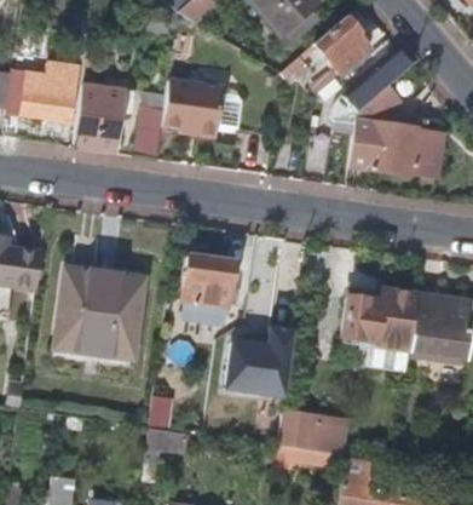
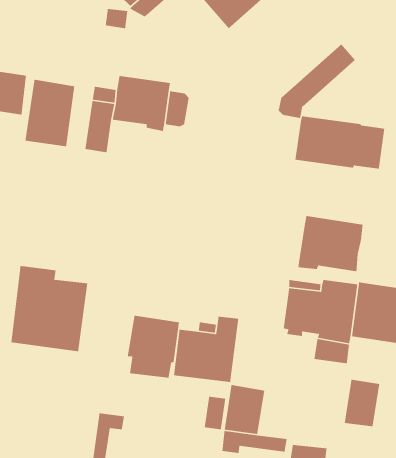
building: [315,16,370,73] -> none
building: none -> [298,215,364,272]
building: [180,256,235,321] -> [127,315,180,378]
building: [313,403,351,453] -> [344,379,380,427]

